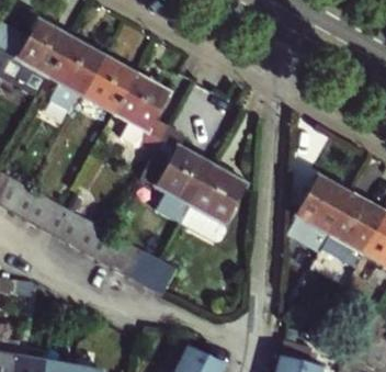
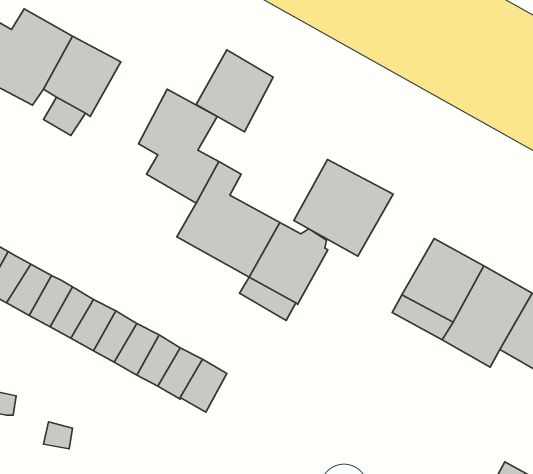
building: [83,55,136,111] -> [196,50,273,132]
building: none -> [294,159,393,256]

